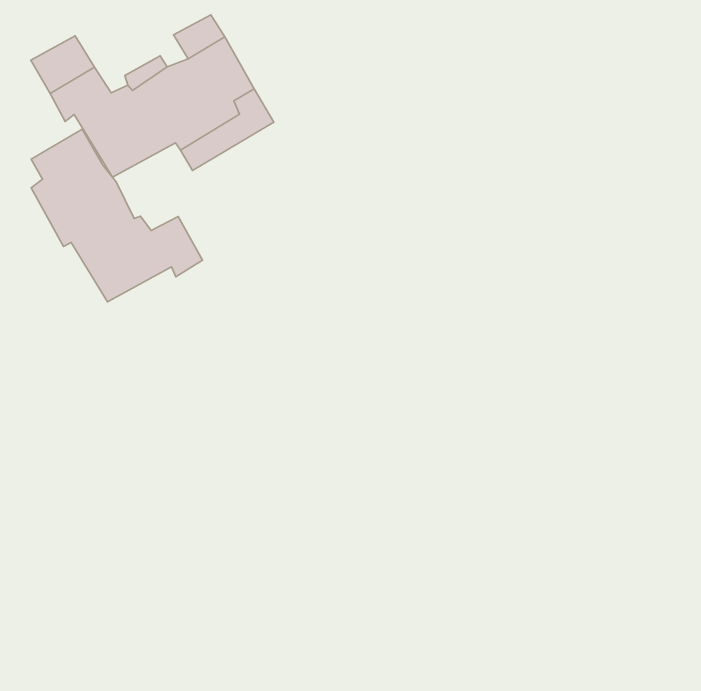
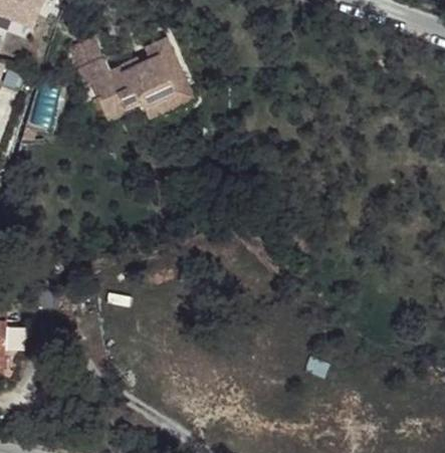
building: [31,129,203,302] -> none

